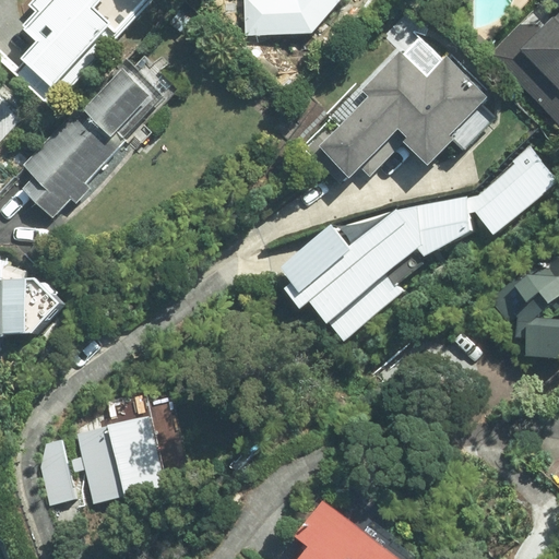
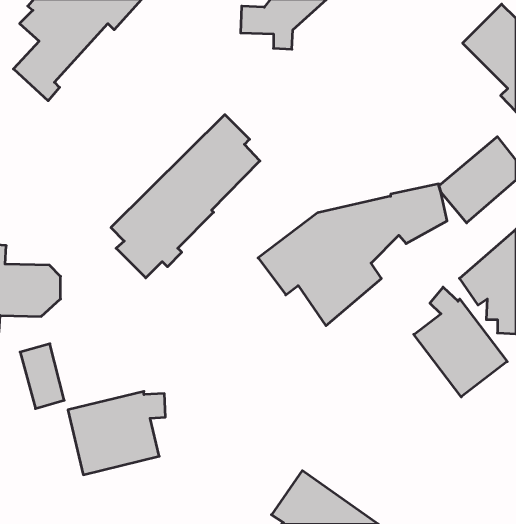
building: [319,23,495,178] -> none
building: [15,41,174,215] -> [111,115,260,278]
building: none -> [414,287,507,397]
building: [27,437,74,506] -> [20,344,64,409]

